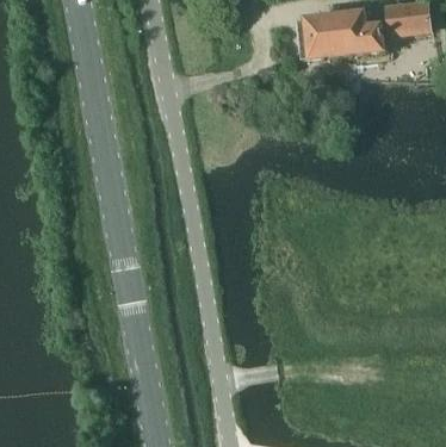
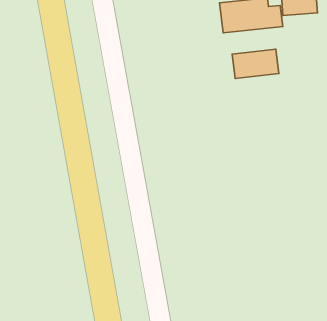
building: none -> [232,49,279,79]

